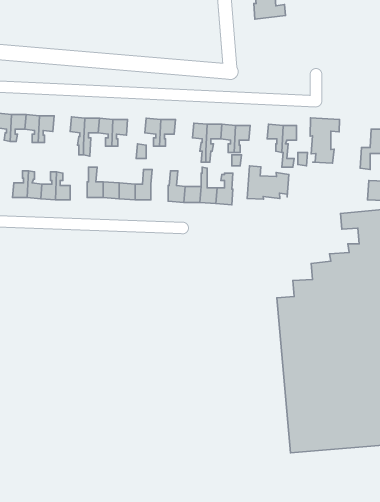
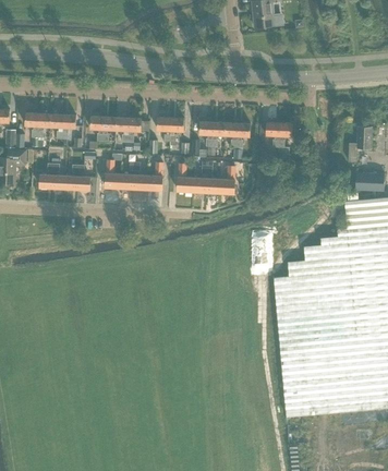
building: [310,118,340,163] -> none
building: [247,166,289,199] -> none

